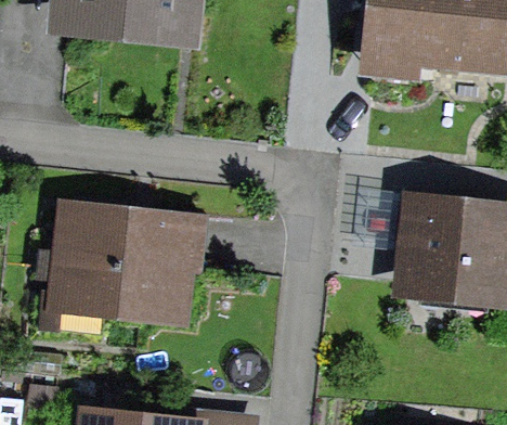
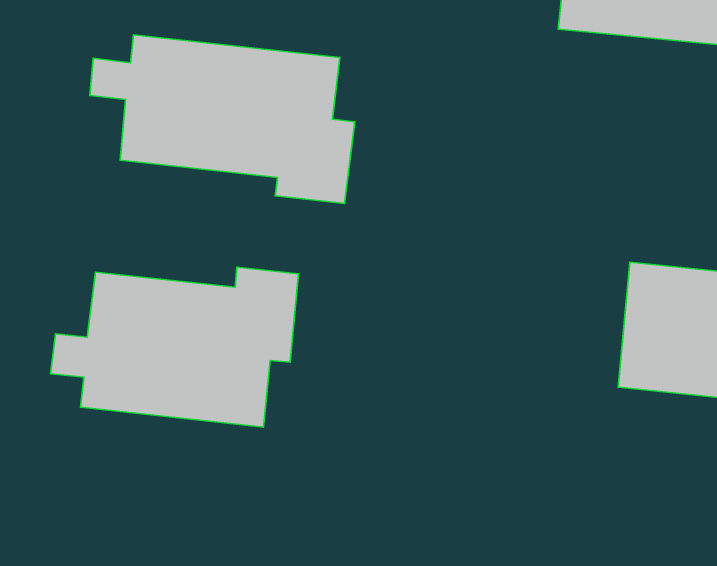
building: none -> [90,35,355,204]

